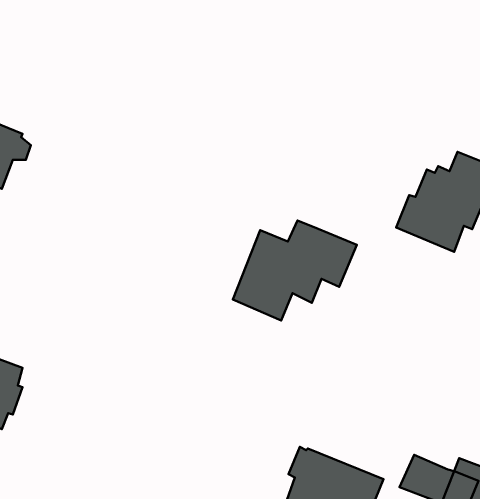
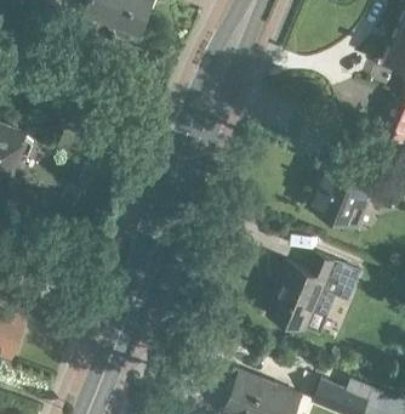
building: [233,221,357,321] -> [267,256,360,331]

